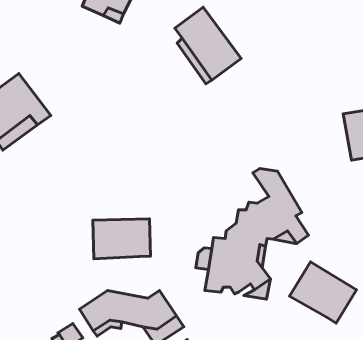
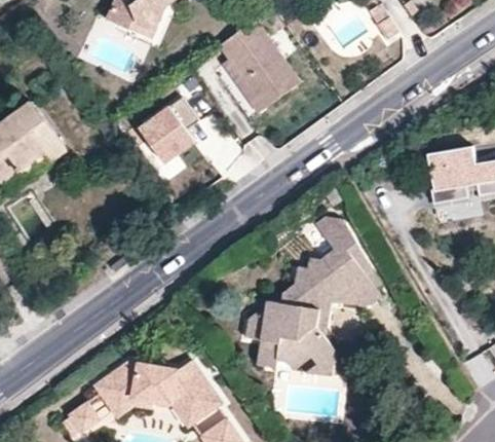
building: none -> [136,103,199,174]
building: [93,219,150,259] -> none
building: [289,262,357,323] -> none

